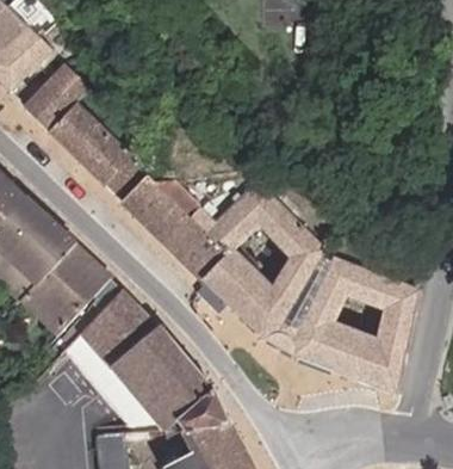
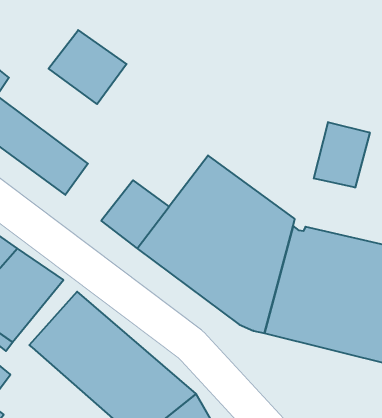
building: none -> [49,30,127,104]
building: none -> [314,122,370,188]
building: [126,178,188,230] -> none

